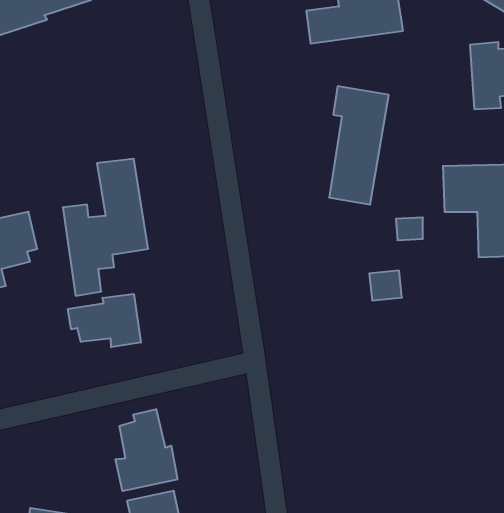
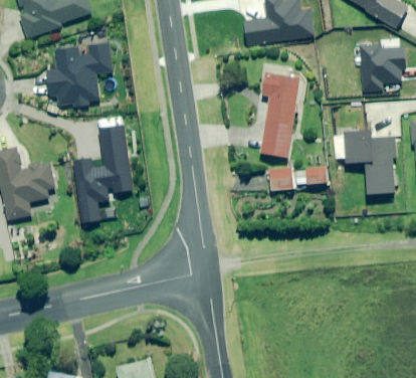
building: none -> [46,44,113,107]
building: [369,271,402,300] -> [270,169,293,190]
building: [68,294,141,347] -> none
building: [116,409,177,491] -> none

